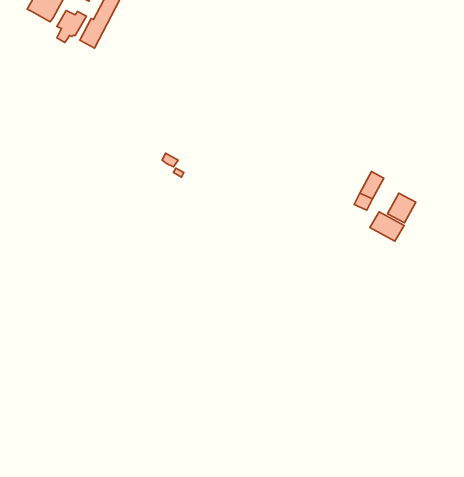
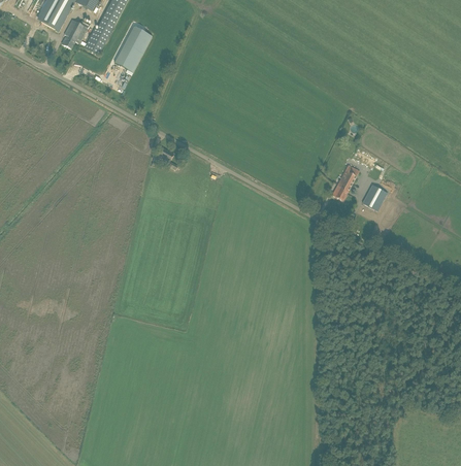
building: none -> [113,26,152,71]
building: [370,212,404,241] -> none

